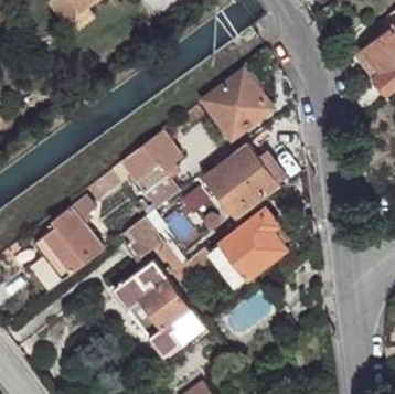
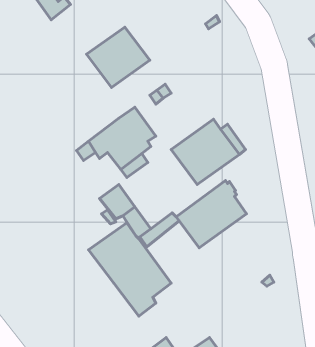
building: [203,71,273,137] -> [86,27,150,87]
building: [34,191,107,277] -> none

